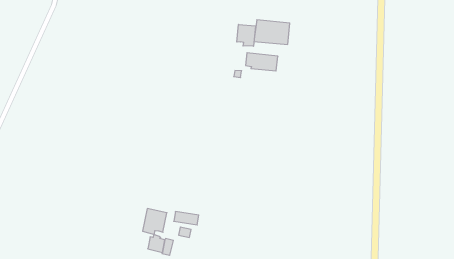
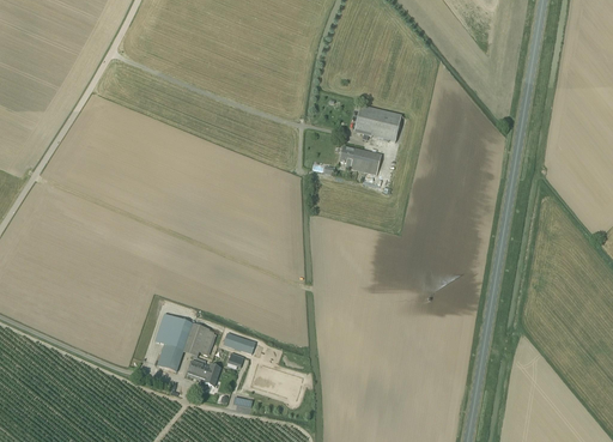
building: [237,24,255,46] -> none
building: none -> [156,313,193,371]

